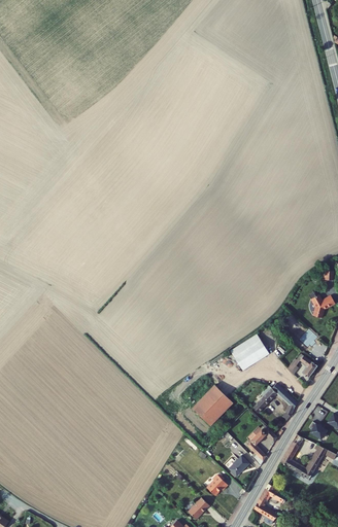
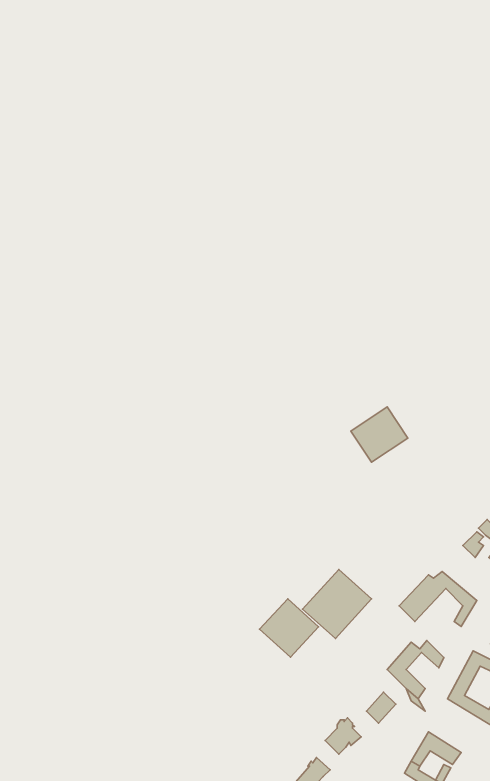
building: [228,338,262,371] -> [351,407,408,462]
building: none -> [259,599,319,657]

